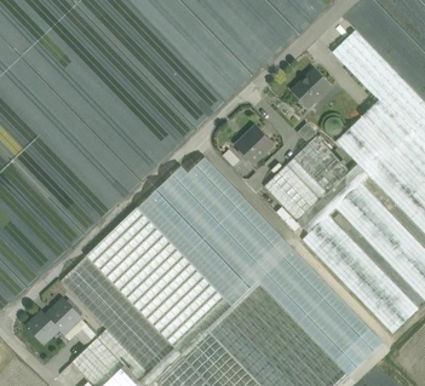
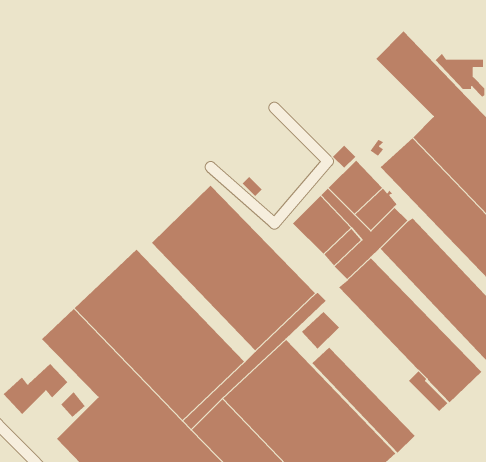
building: [292,69,331,108] -> none
building: [236,125,272,163] -> none
building: [297,271,381,358] -> none

